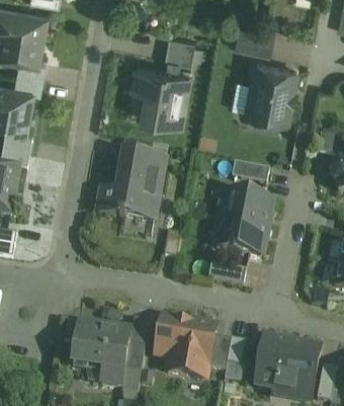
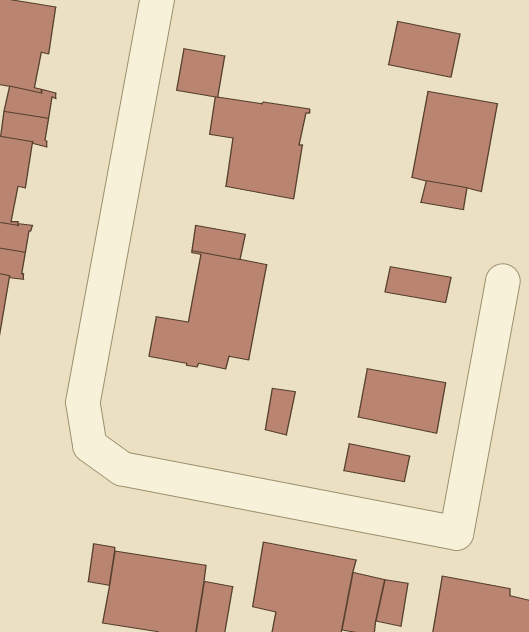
building: [167,36,194,64] -> [177,49,225,97]
building: [222,191,271,228] -> none

